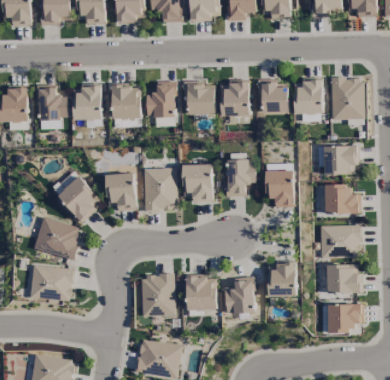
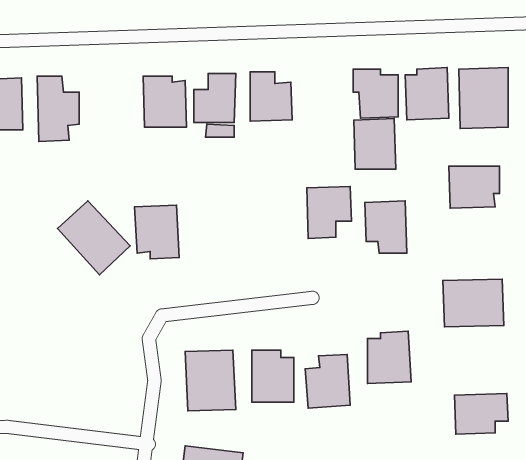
building: [221,81,250,116] -> [354,119,396,169]
building: [73,85,103,120] -> none
building: [183,164,213,201] -> none
building: [143,168,178,210] -> none
building: [325,184,361,214] -> none
building: [34,217,82,259] -> none
building: [326,264,363,293] -> none
building: [31,266,74,303] -> none

